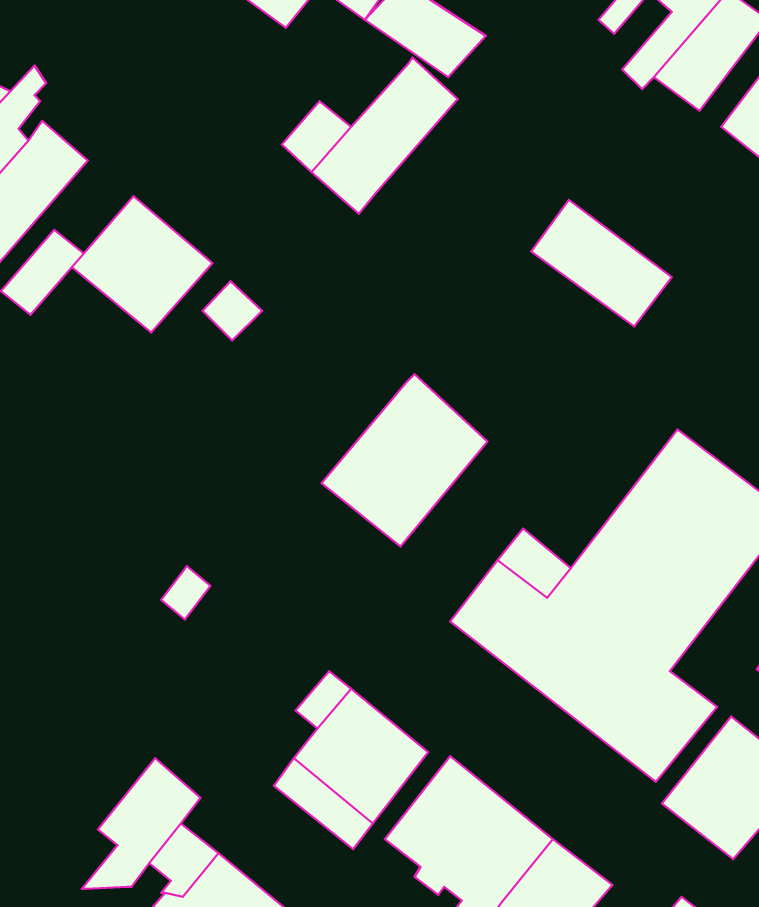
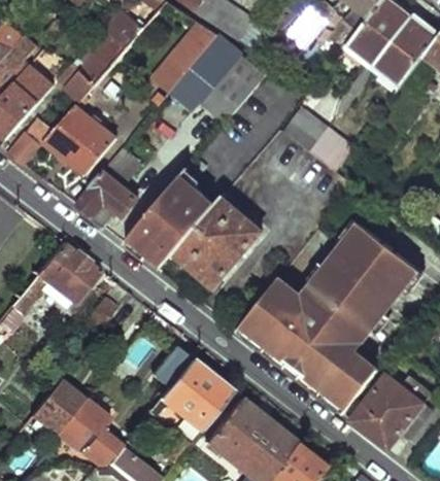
building: none -> [63,14,148,101]
building: none -> [172,22,218,68]
building: none -> [201,55,266,123]
building: none -> [72,171,136,227]
building: none -> [128,172,217,267]
building: none -> [13,240,102,311]
building: none -> [31,376,87,434]

